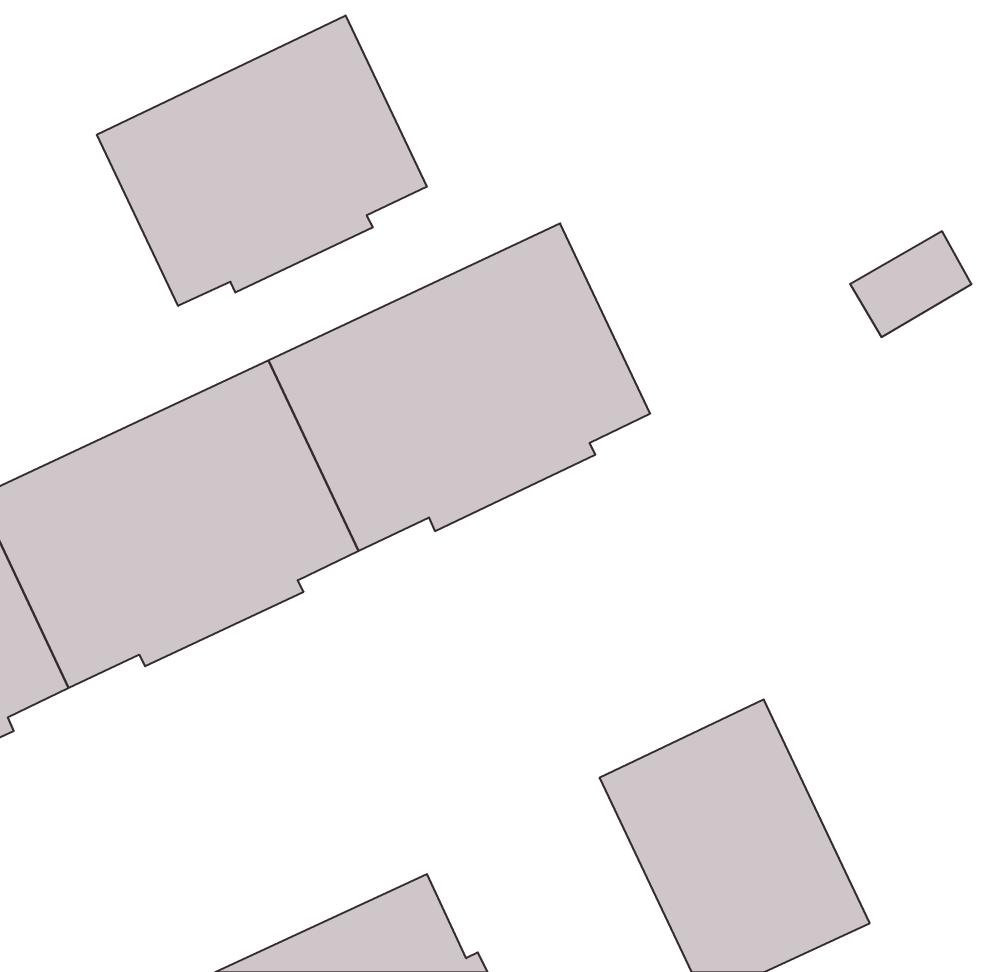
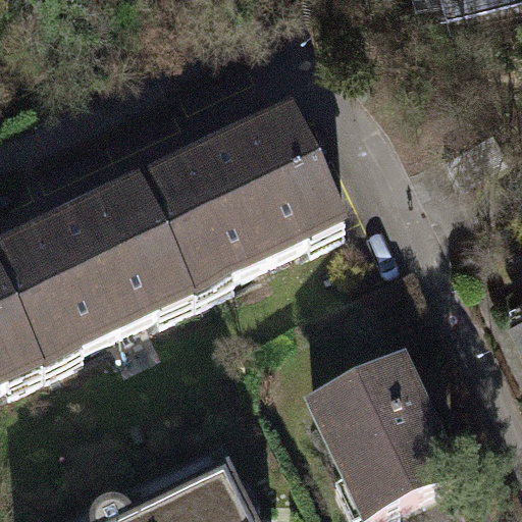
building: [97,15,427,306] -> none

